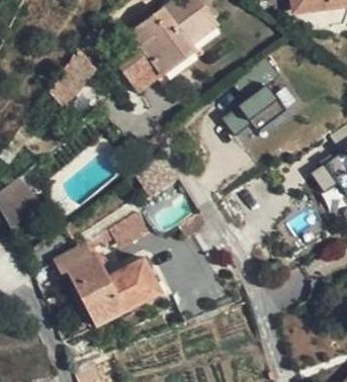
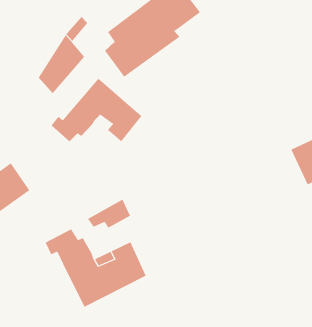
building: [222,82,285,131] -> none
building: none -> [51,78,142,142]

